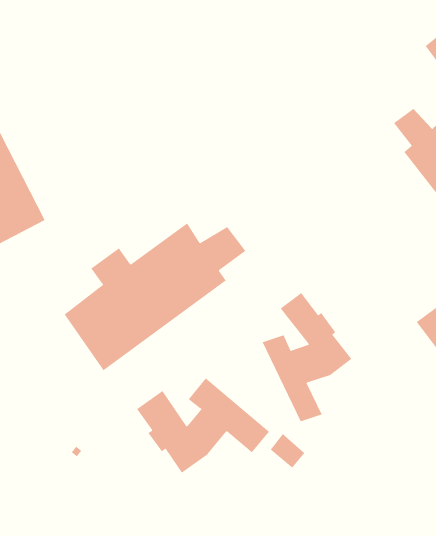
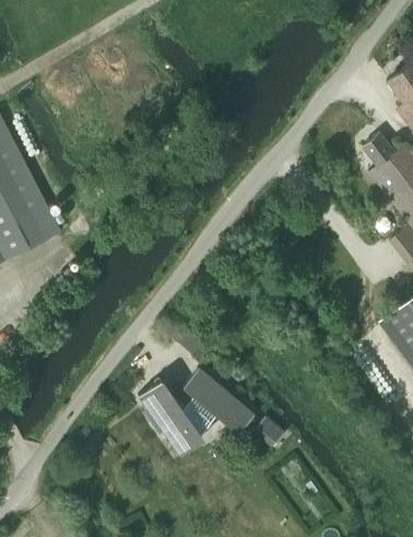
building: [64,223,246,371] -> none
building: [262,292,352,422] -> none

